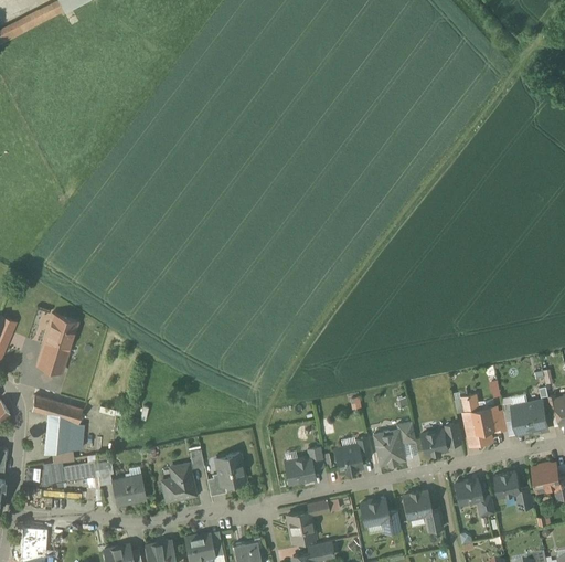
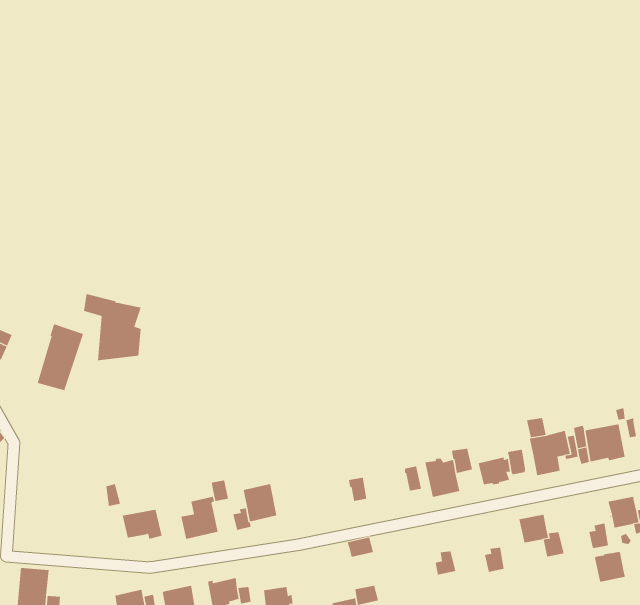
building: [33,395,84,454] -> [83,293,142,361]
building: [335,444,362,471] -> none
building: [284,456,315,484] -> none
building: [42,460,96,485] -> none
building: [494,471,522,498] -> [594,552,626,582]
building: [404,491,431,518] -> none
building: [361,499,388,524] -> none
building: [288,511,316,542] -> none

